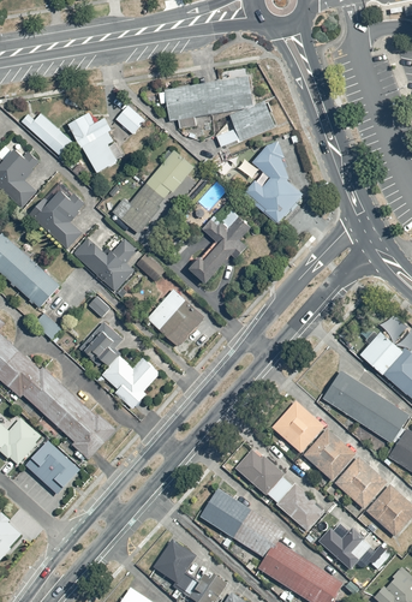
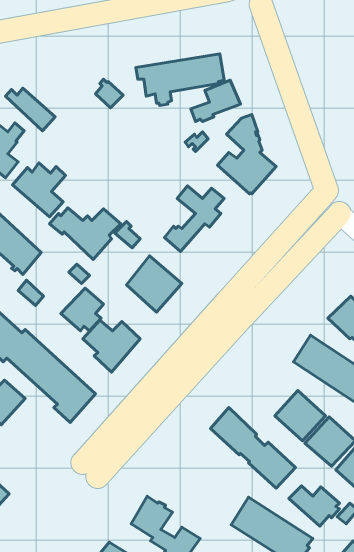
building: [68,112,117,171] -> none
building: [113,150,193,233] -> none
building: [273,400,326,454] -> none
building: [25,441,80,494] -> none
building: [201,489,281,558] -> none

